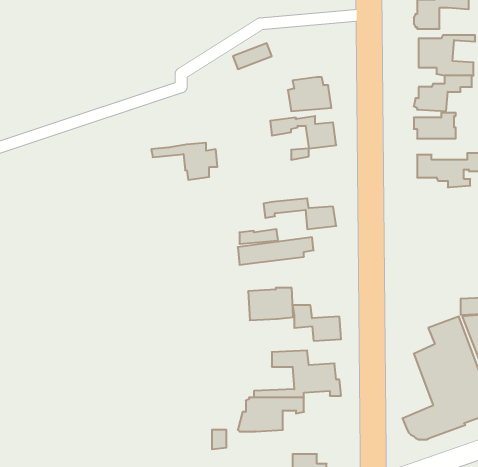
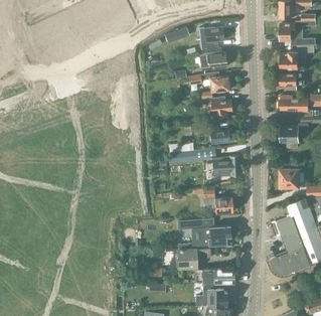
building: none -> [198,27,222,50]
building: [151,143,217,180] -> [189,97,230,120]
building: none -> [279,124,311,148]
building: none -> [280,163,304,191]
building: [248,288,293,320] -> [210,156,238,176]
building: none -> [193,267,233,283]

